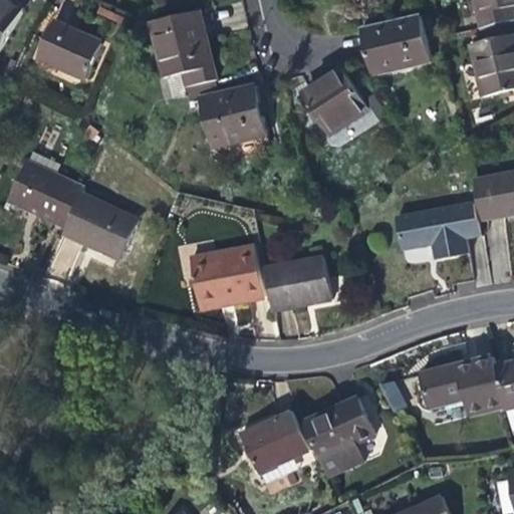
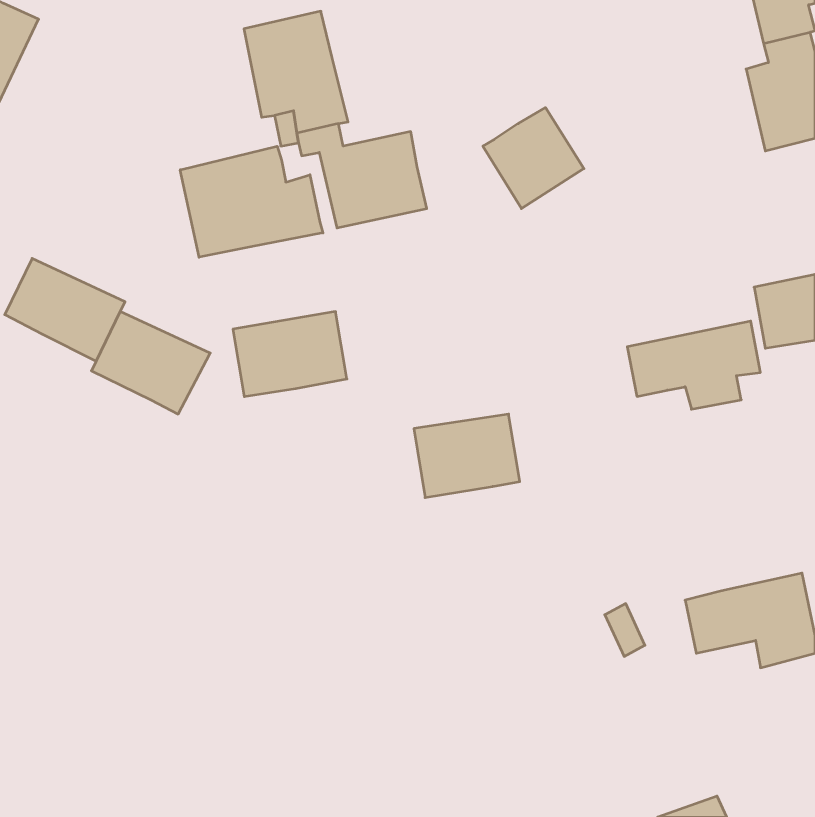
building: [358,14,429,71] -> none
building: [36,20,100,77] -> none
building: none -> [180,146,323,257]
building: [186,246,257,299] -> [233,312,347,397]
building: [311,396,399,477] -> none
building: [248,411,315,480] -> none

